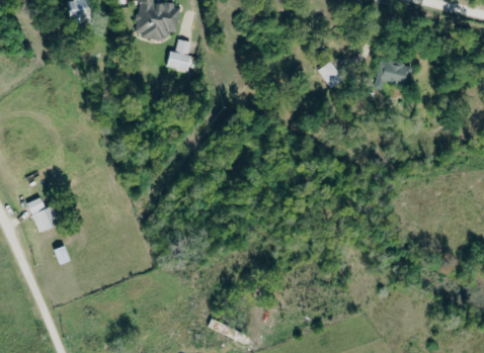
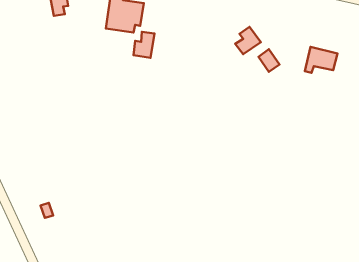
building: none -> [235,27,261,54]
building: [28,198,56,232] -> none

